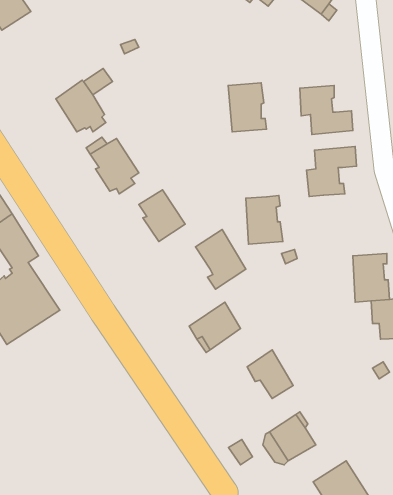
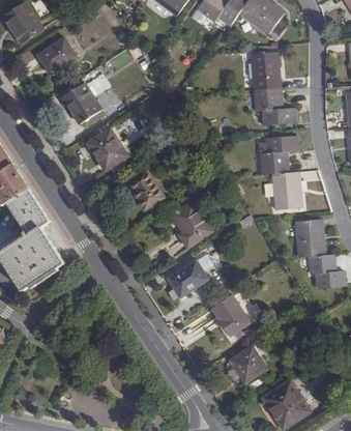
building: none -> [37,37,76,70]
building: [228,83,266,132] -> [251,51,281,89]
building: [246,195,283,244] -> [272,171,301,209]

